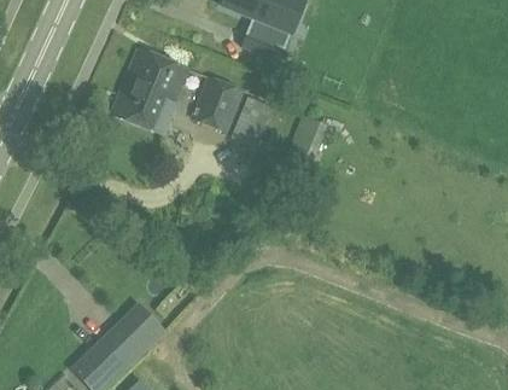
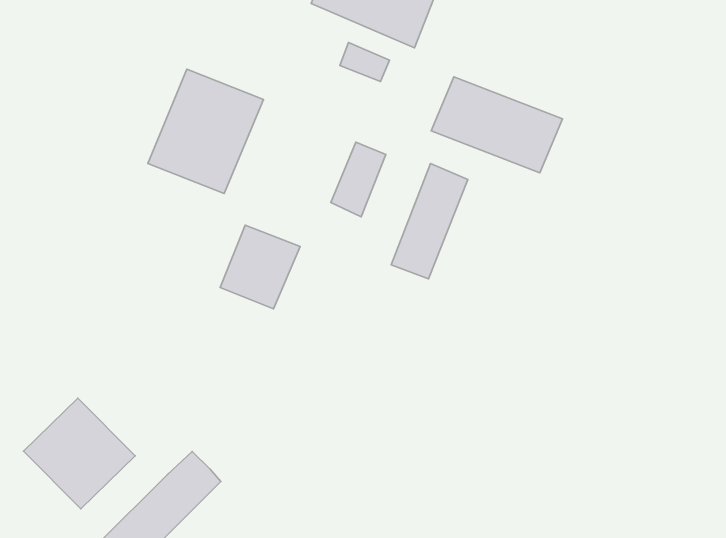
building: none -> [431,77,562,173]
building: [191,77,245,134] -> [220,225,300,309]
building: none -> [23,398,135,509]

